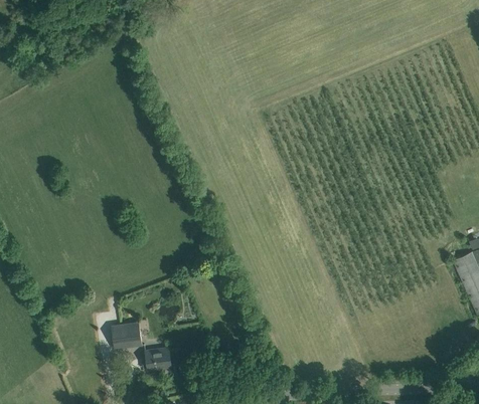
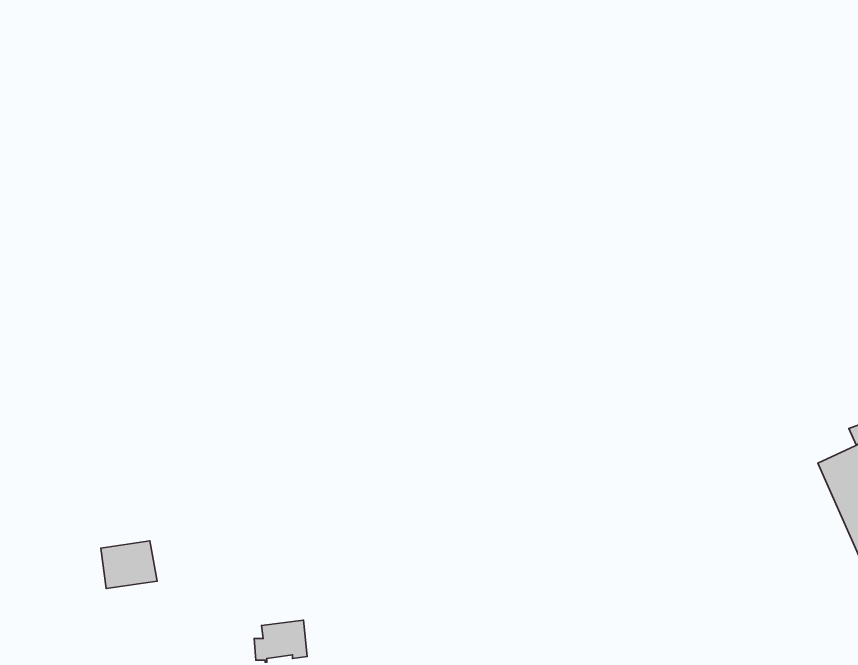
building: [112,324,143,350] -> [101,541,157,588]

